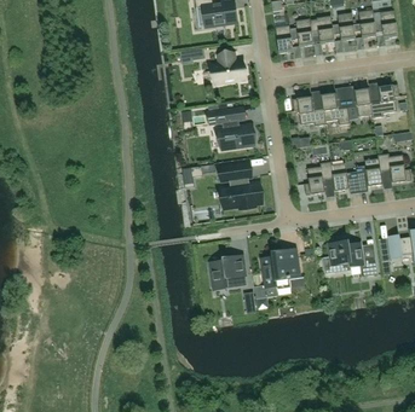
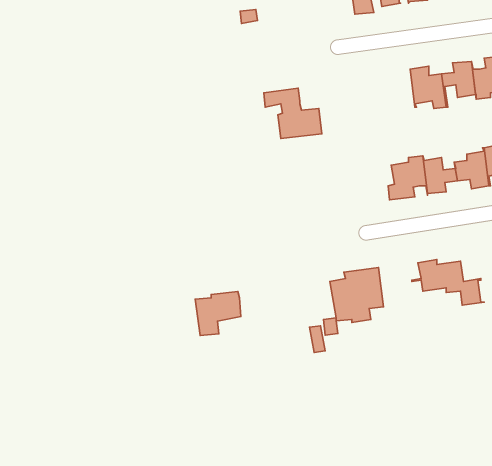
building: [213,53,246,85] -> none
building: [293,95,325,127] -> none
building: [220,163,263,209] -> none
building: [211,256,246,290] -> [195,291,241,335]

